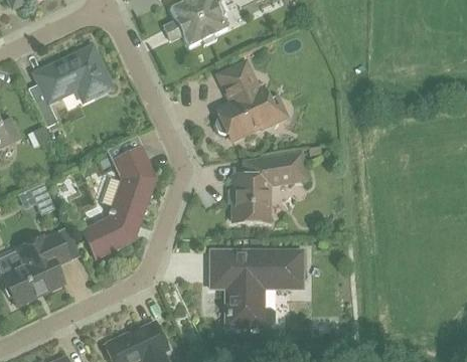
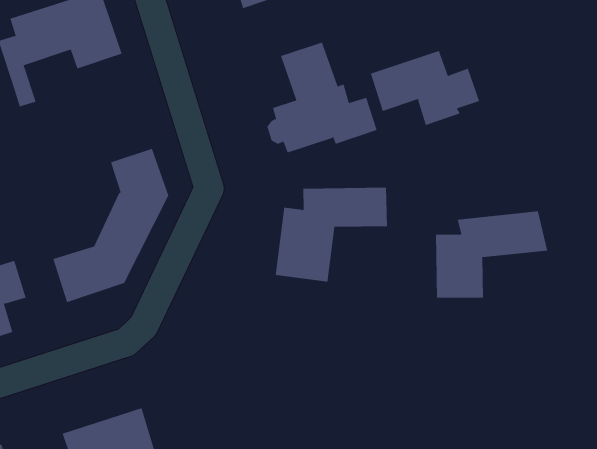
building: none -> [370,50,480,126]
building: none -> [436,211,548,299]
building: [210,249,302,327] -> none

